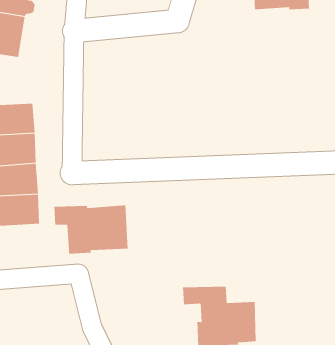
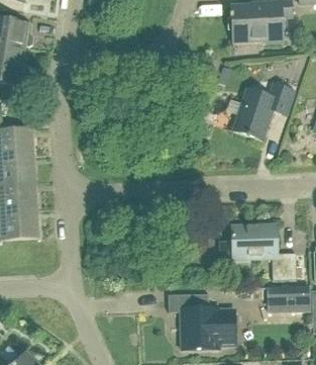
building: none -> [232,83,293,141]
building: [54,205,128,255] -> none
building: none -> [220,224,297,280]
building: none -> [270,294,296,316]

